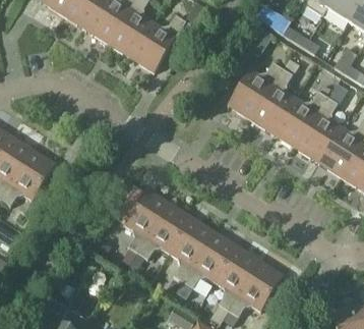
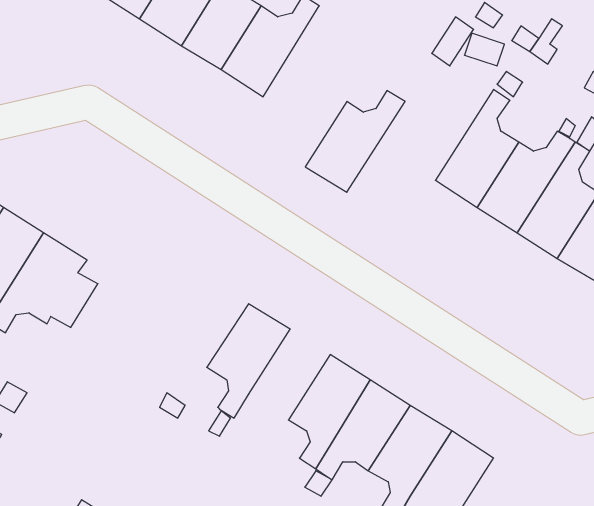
building: [228,62,284,119] -> [305,91,405,192]
building: [138,203,192,259] -> none

